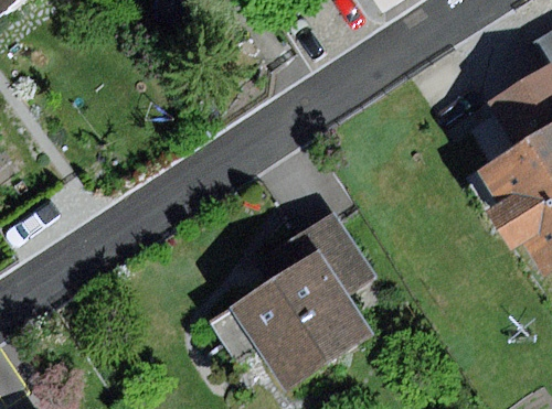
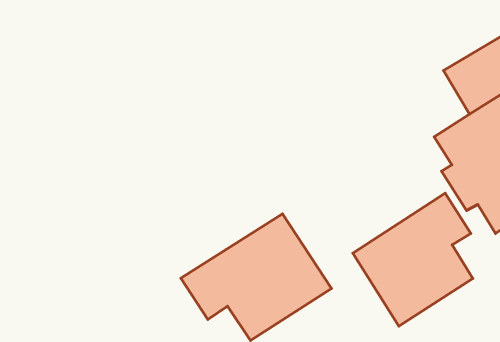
building: none -> [353,193,473,326]

